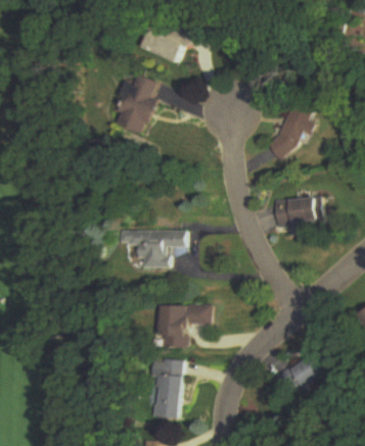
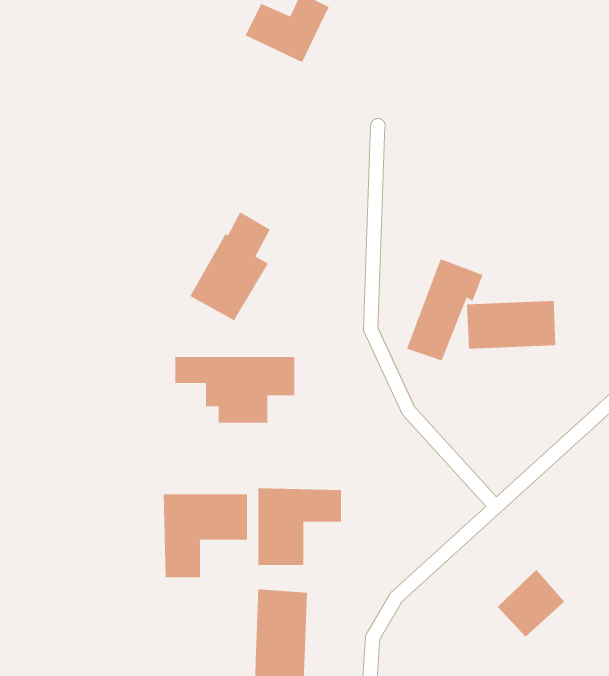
building: [111,71,157,134] -> [190,211,271,321]
building: [274,101,318,159] -> [406,259,483,361]
building: none -> [163,493,248,578]

